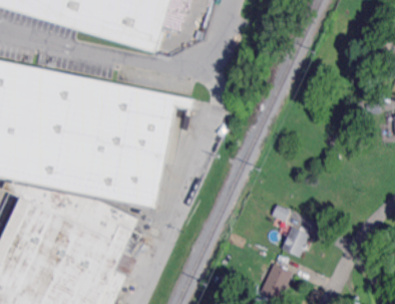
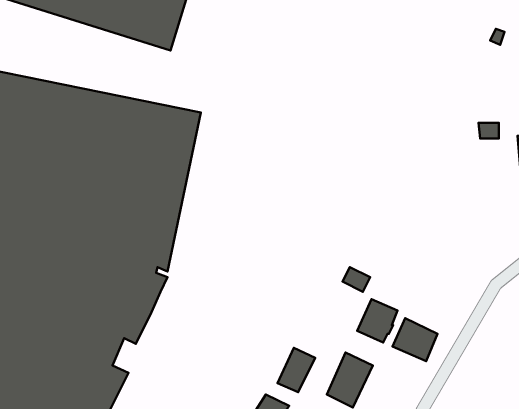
building: none -> [393,318,438,361]
building: none -> [277,348,315,392]

